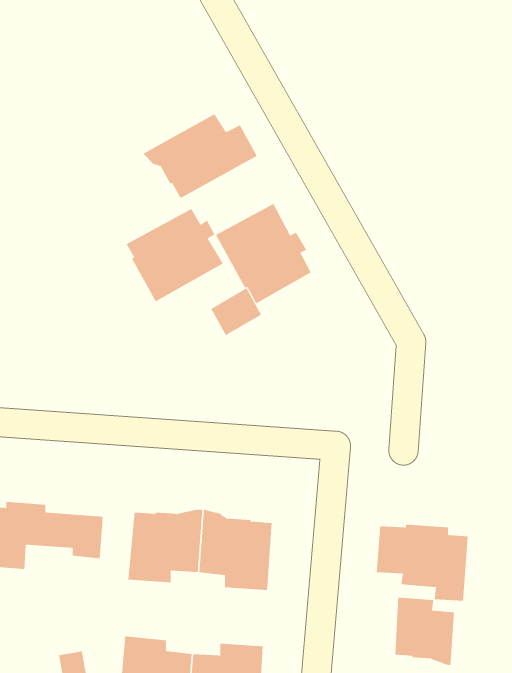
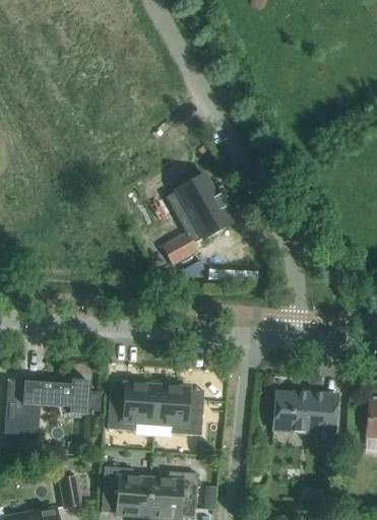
building: [142,114,258,199] -> none
building: [126,208,223,302] -> none
building: [395,597,455,666] -> none

